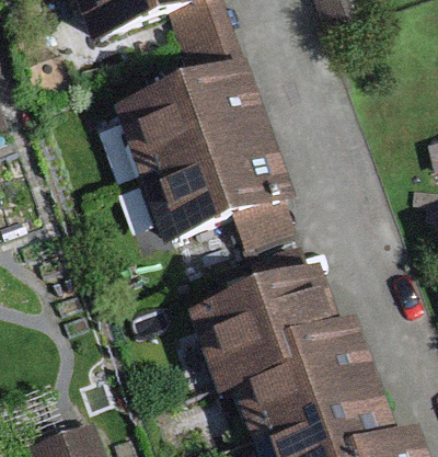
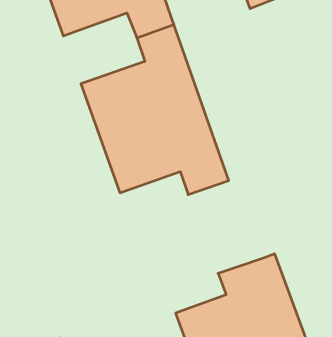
building: [186,265,338,393] -> none

